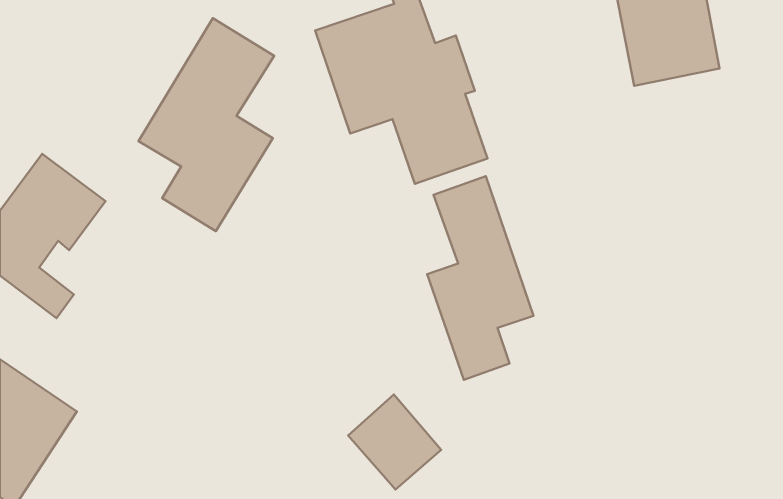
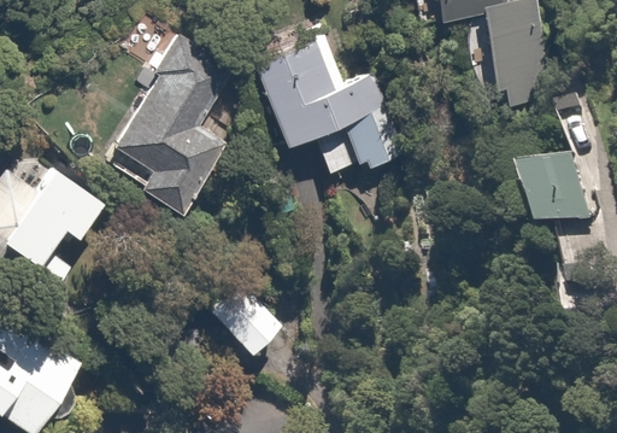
building: none -> [518,150,598,233]
building: [427,176,534,380] -> none
building: [348,395,441,489] -> [208,277,280,350]

